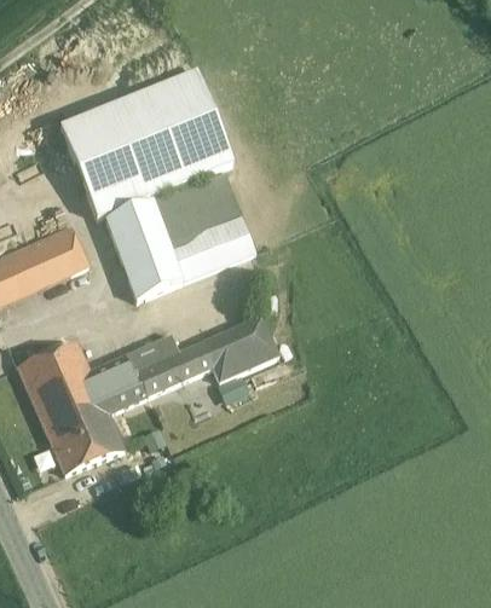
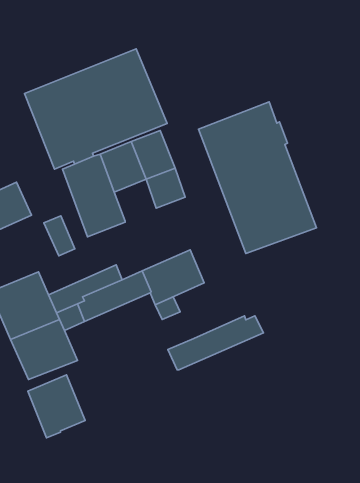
building: none -> [198,102,316,254]
building: [51,225,88,273] -> [44,216,75,256]
building: [169,230,220,280] -> none
building: none -> [168,316,263,370]
building: none -> [28,375,85,438]

